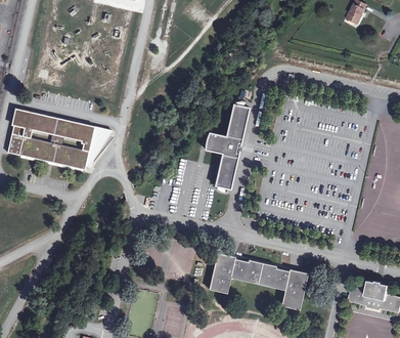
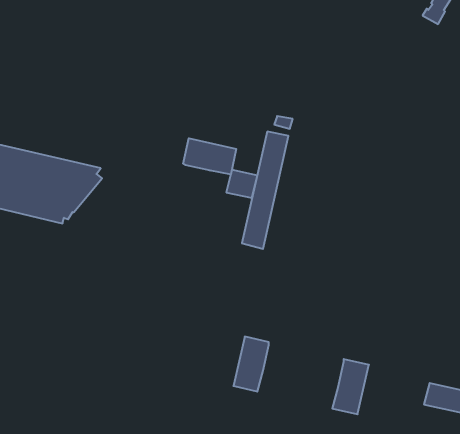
building: none -> [183,138,236,174]
building: [230,257,288,288] -> none

